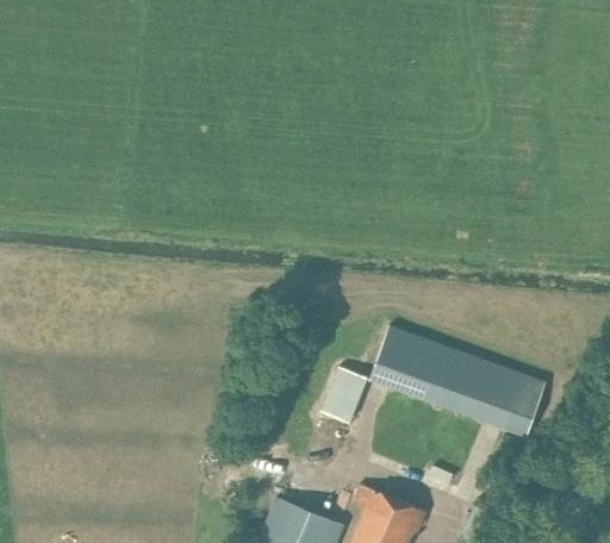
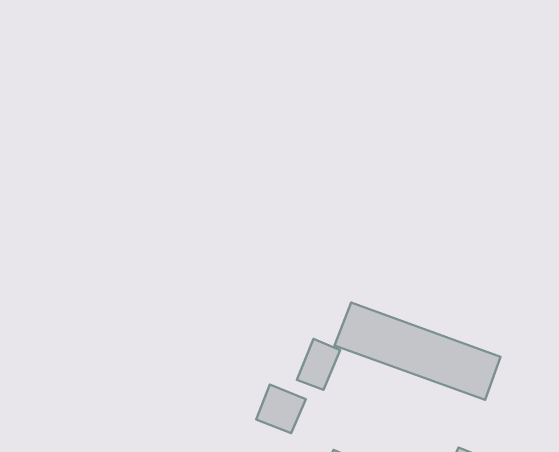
building: none -> [256,385,306,433]

